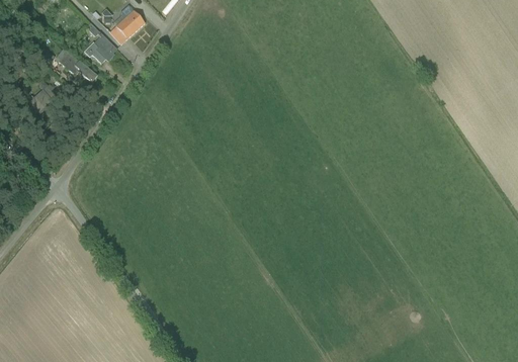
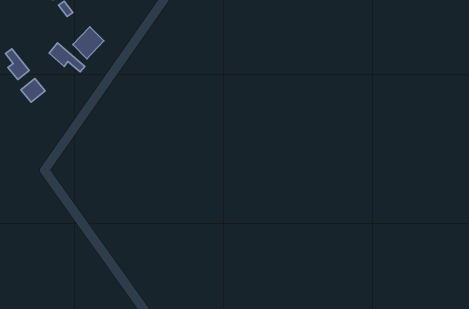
building: [114,9,143,37] -> none
building: none -> [5,49,29,80]

